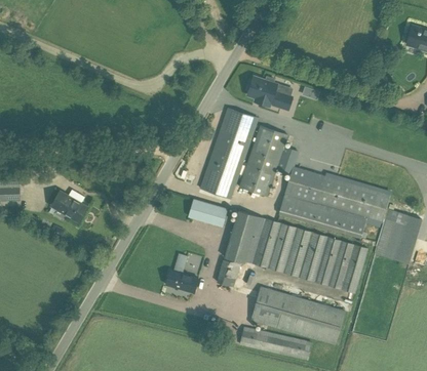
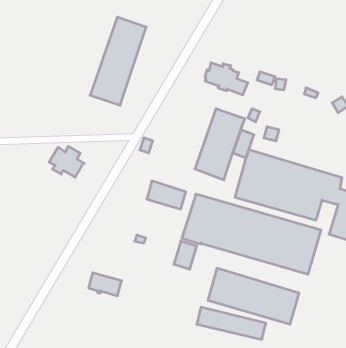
building: [199,108,257,198] -> [90,17,146,105]
building: [50,189,86,220] -> [49,146,84,177]
building: [165,269,199,292] -> [89,273,122,296]

